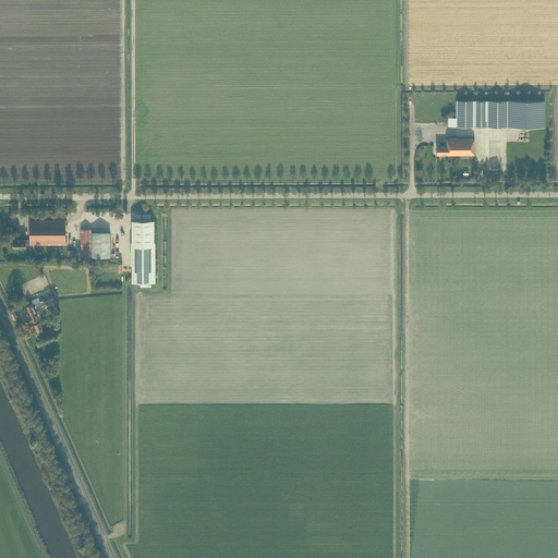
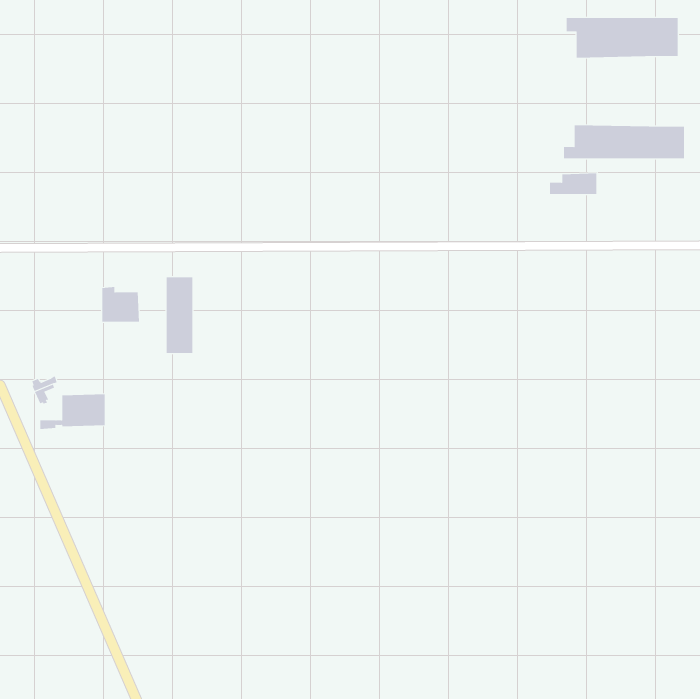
building: none -> [566,17,678,59]
building: [13,220,65,248] -> [40,394,105,429]

